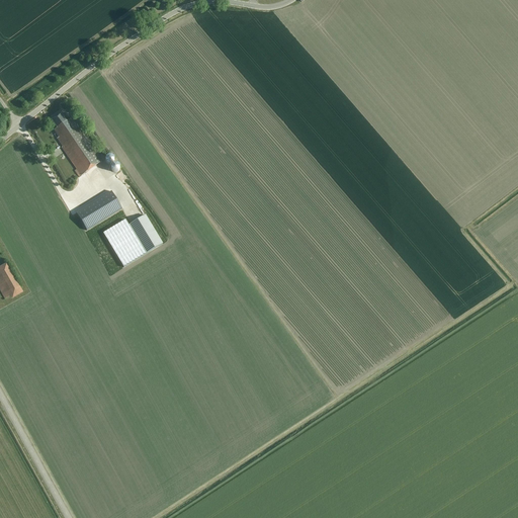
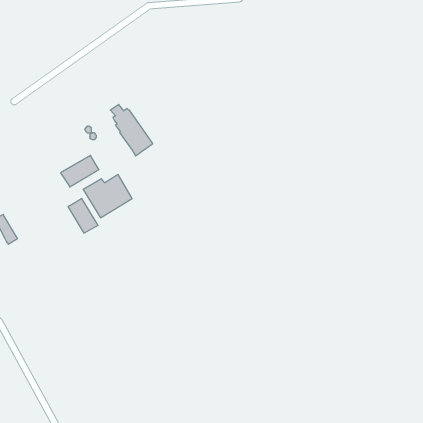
building: [49,111,100,174] -> [110,104,153,156]
building: none -> [68,198,98,233]

